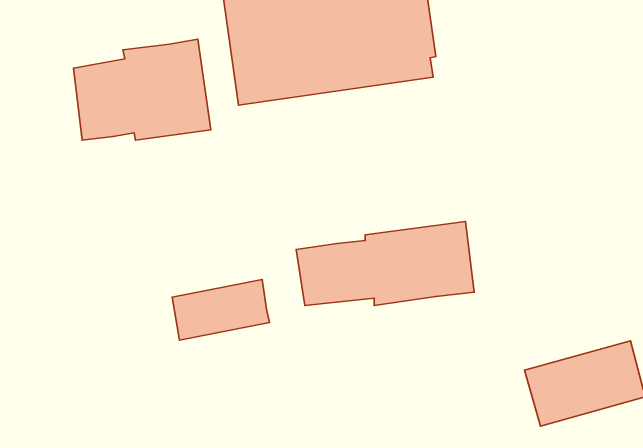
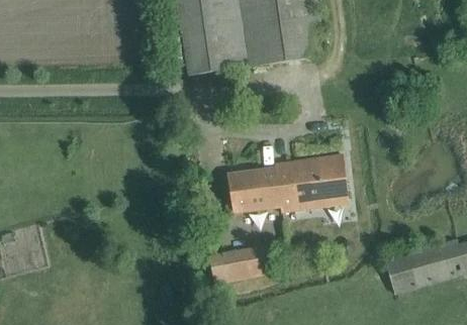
building: [73,39,211,140] -> none
building: [172,280,269,340] -> [206,243,273,285]

